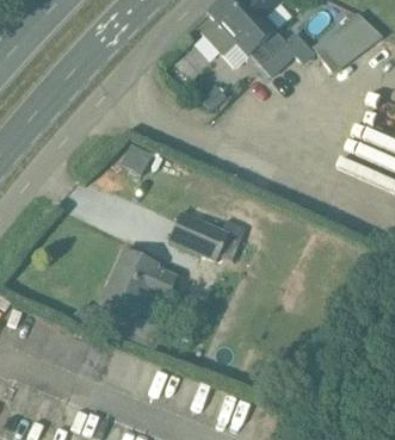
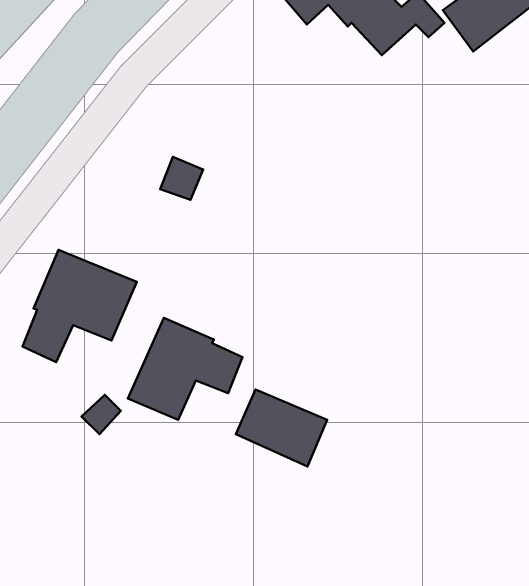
building: none -> [23,250,137,362]
building: [167,210,228,261] -> [236,390,327,466]

